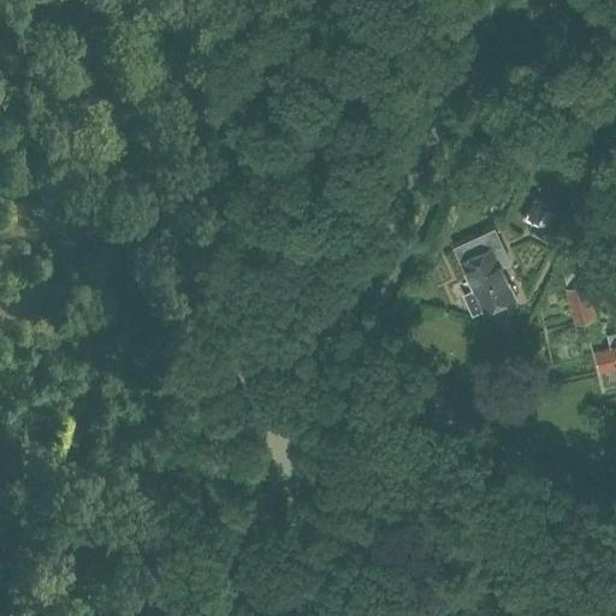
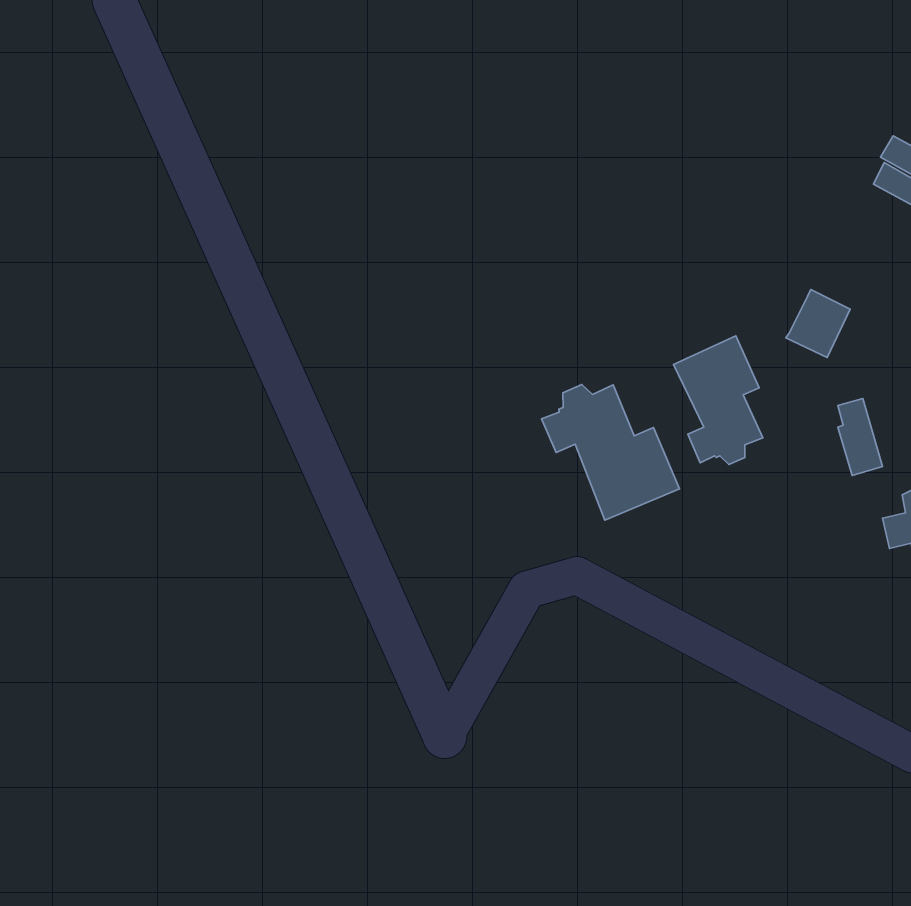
building: none -> [541,385,679,520]

